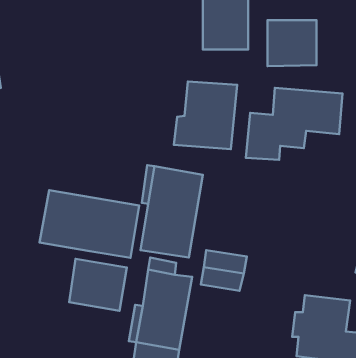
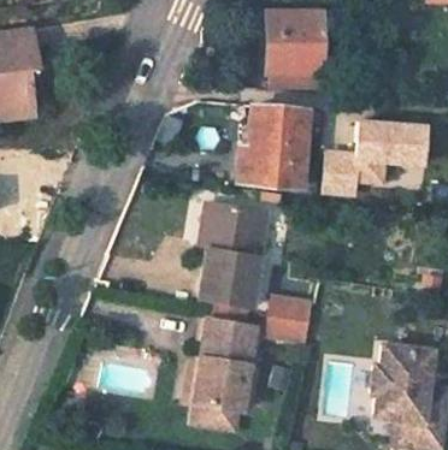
building: [268,20,317,66] -> none
building: [40,190,139,258] -> none
building: [69,259,127,311] -> none

